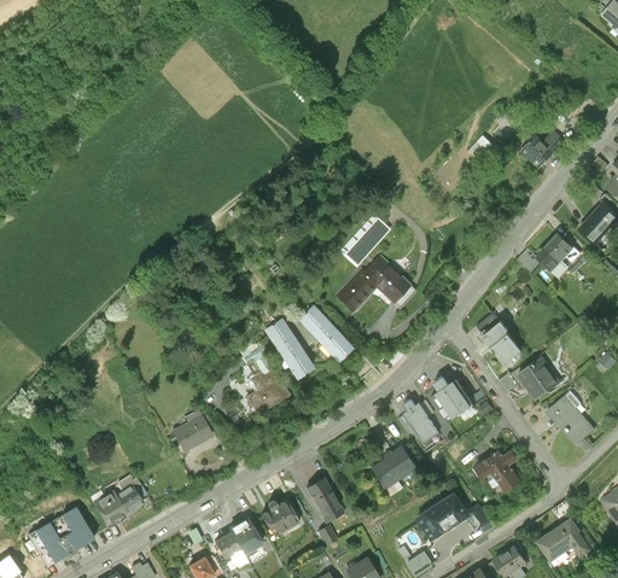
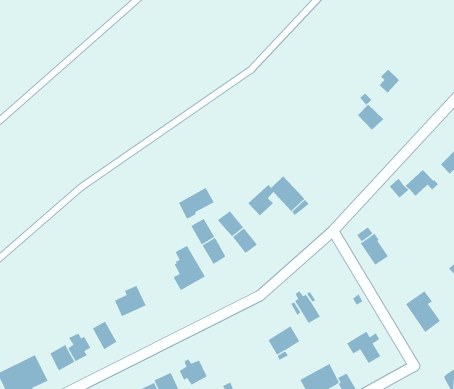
building: [518,135,553,169] -> [357,104,384,130]
building: [344,220,390,265] -> none
building: none -> [178,187,214,219]
building: [518,356,560,398] -> none
building: [431,380,473,421] -> none
building: none -> [92,321,117,350]
building: [307,478,343,522] -> none

